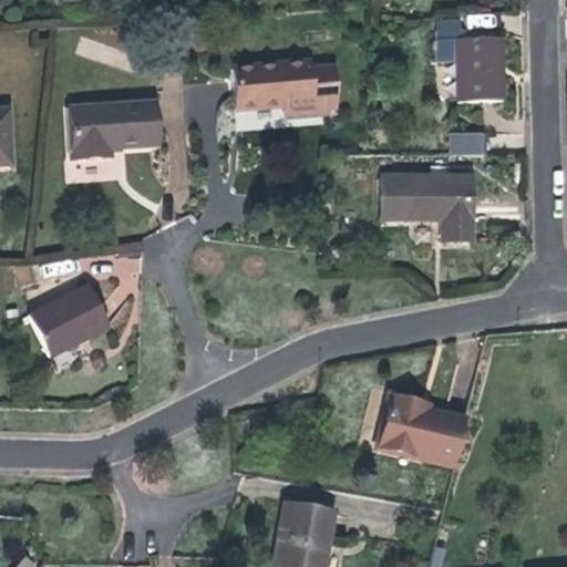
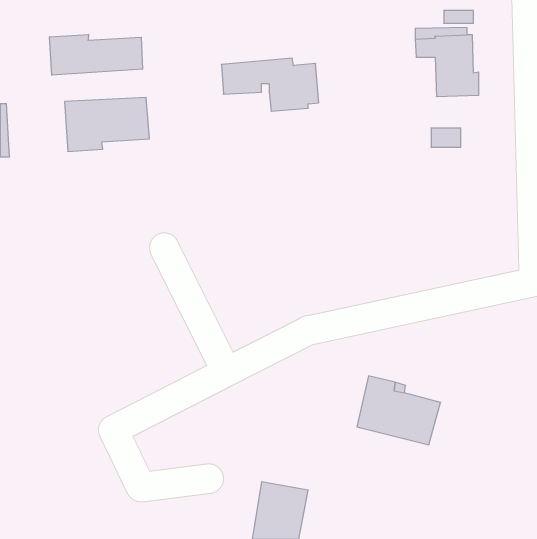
building: none -> [50,34,142,75]
building: [384,176,474,241] -> none
building: [31,285,112,357] -> none

